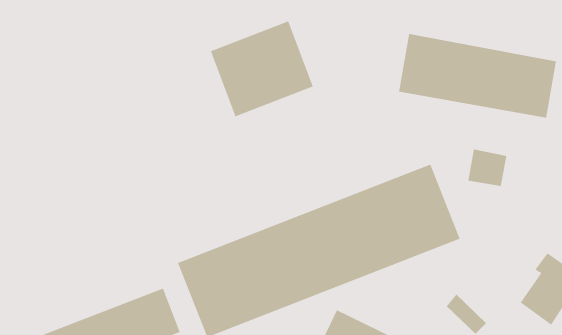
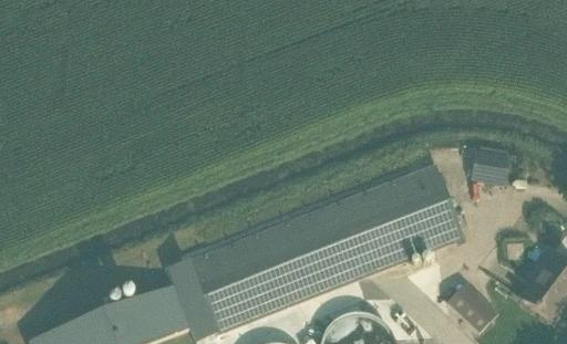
building: [210,20,313,117] -> none
building: [399,33,557,119] -> none

